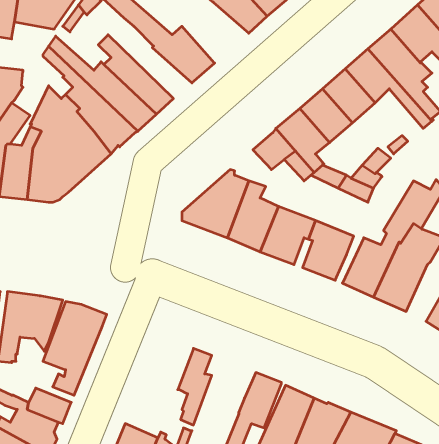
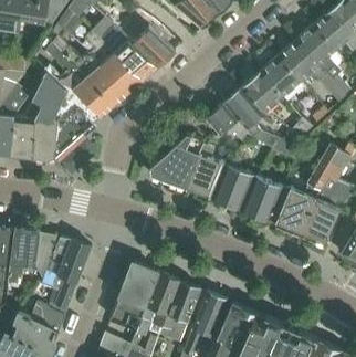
building: none -> [93,17,158,80]
building: none -> [111,266,159,325]
building: none -> [159,280,201,342]

